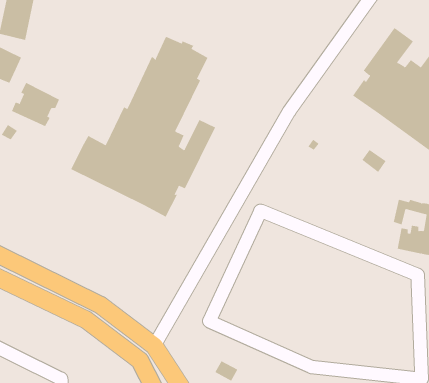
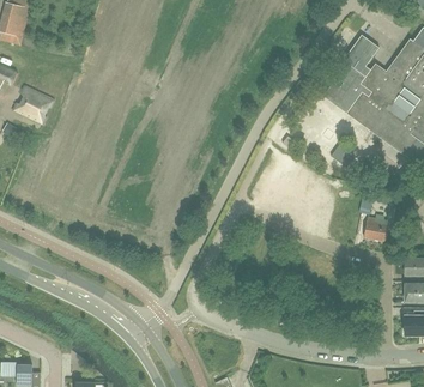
building: [70,36,216,217] -> none

